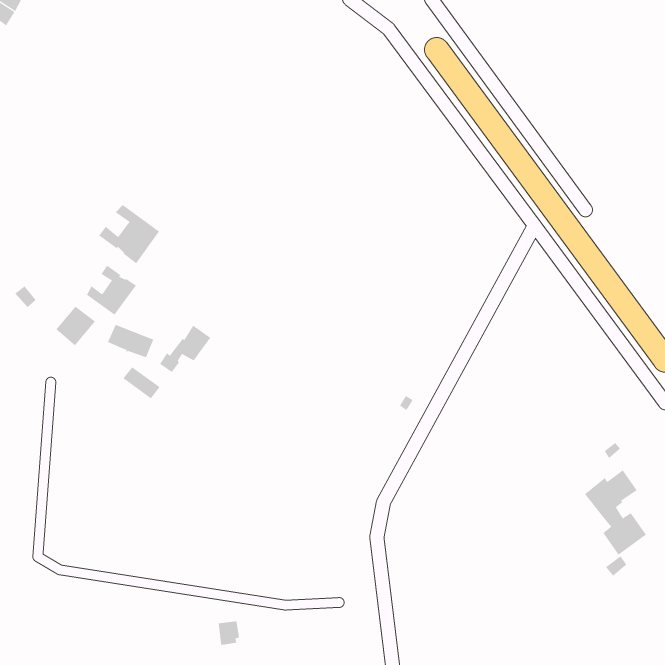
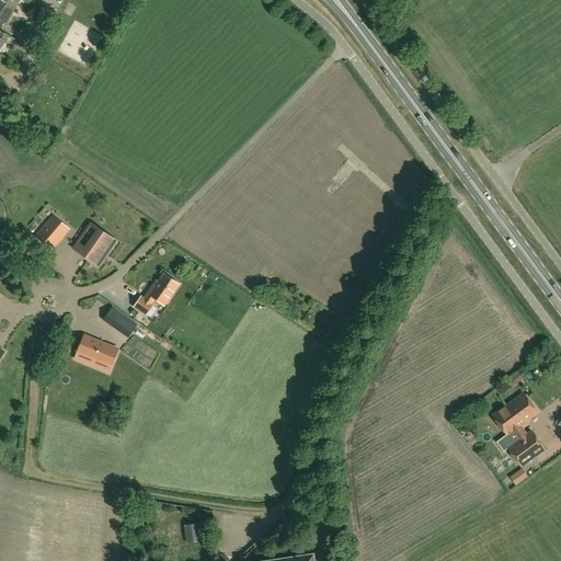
building: [98,204,160,264] -> none
building: [55,306,96,346] -> [35,215,69,249]
building: [107,324,154,358] -> [77,335,116,364]

